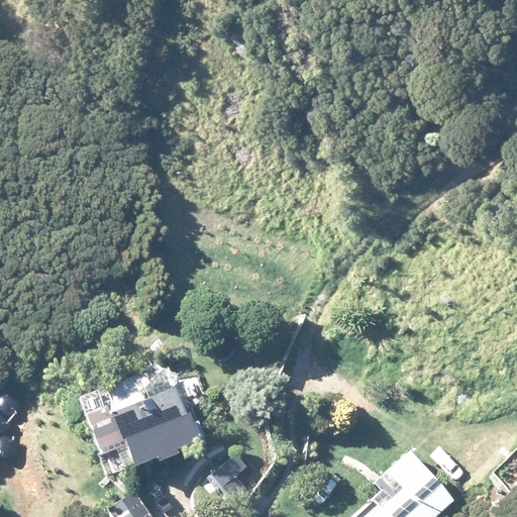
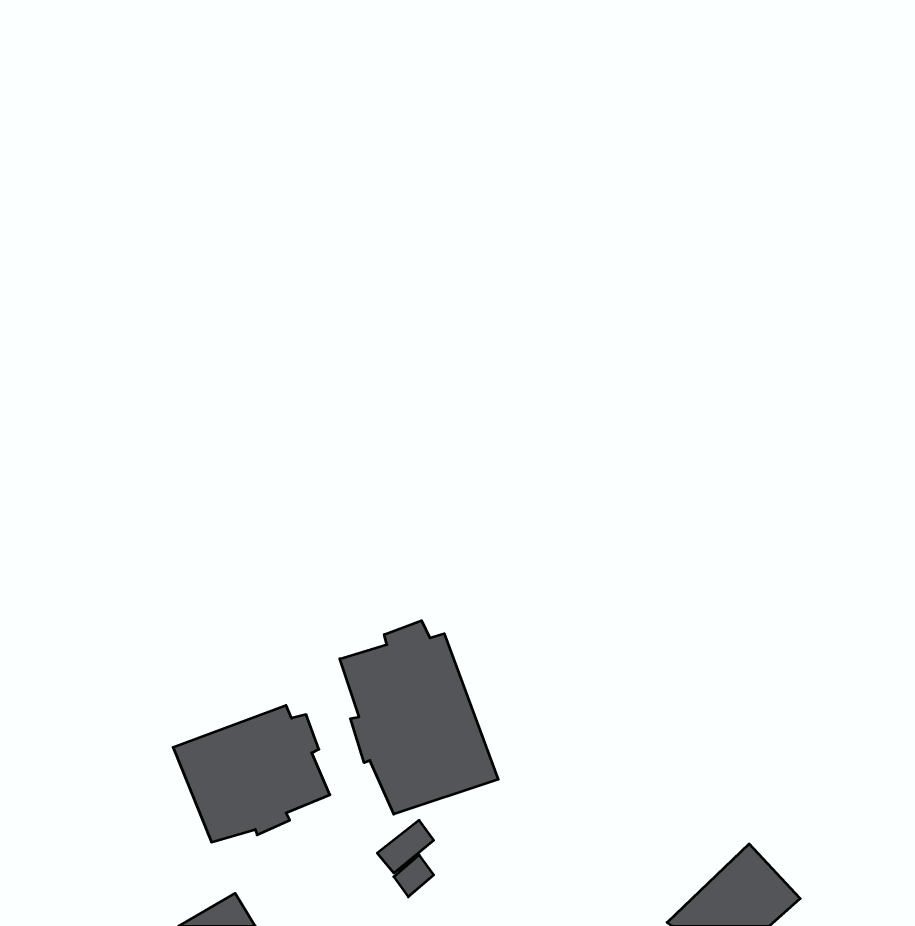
building: none -> [340,621,498,814]

